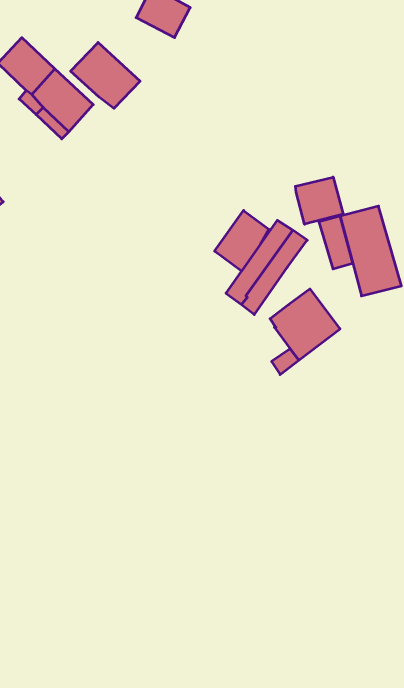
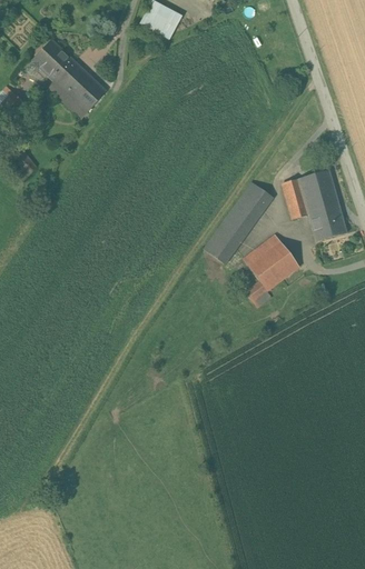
building: [71,42,140,108] -> none
building: [295,177,343,224] -> none
building: [215,210,269,271] -> none

